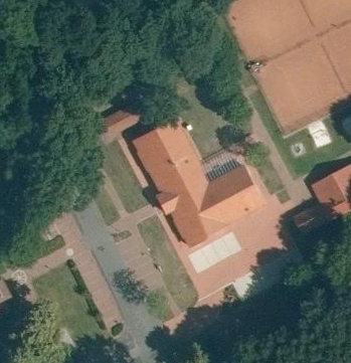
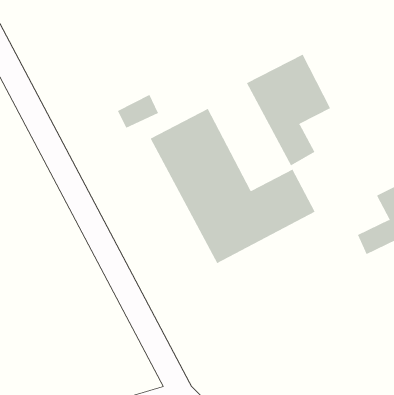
building: none -> [246,54,331,166]

